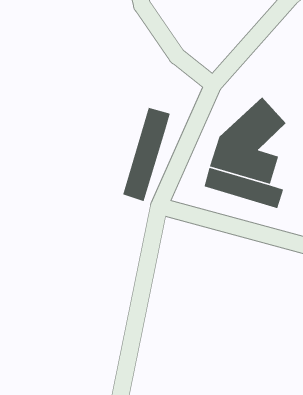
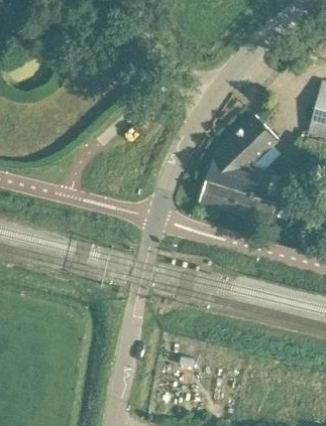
building: [122,107,171,202] -> none

